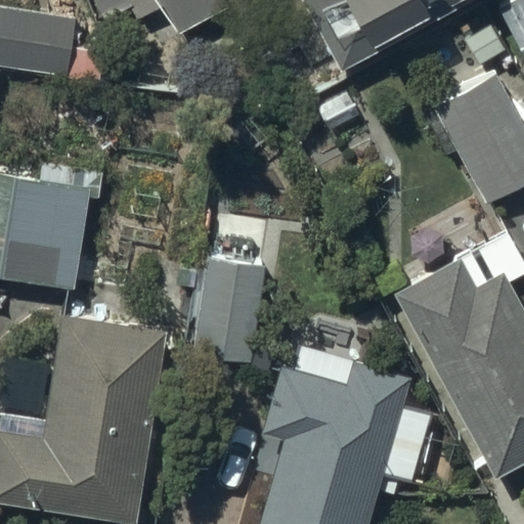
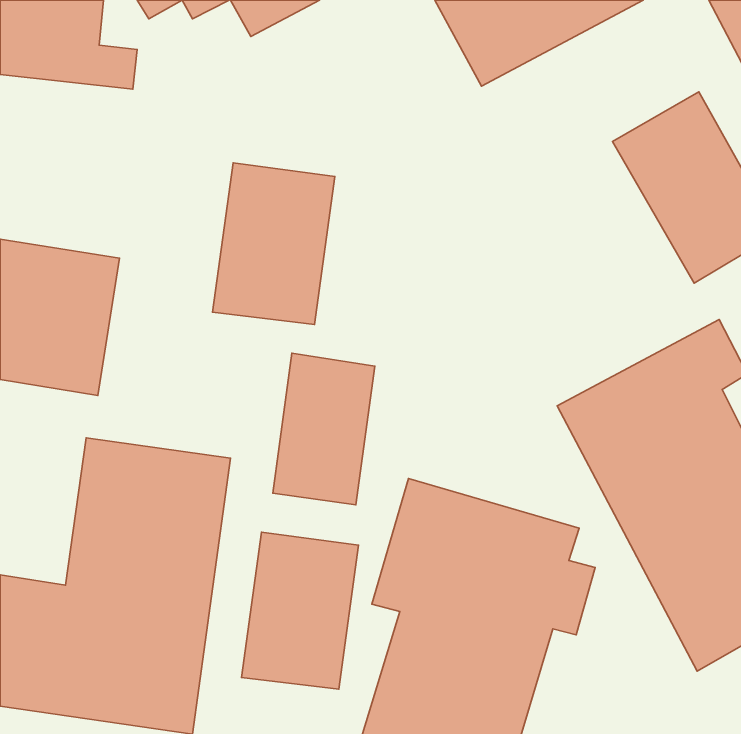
building: none -> [212,163,335,324]
building: none -> [241,532,358,689]

